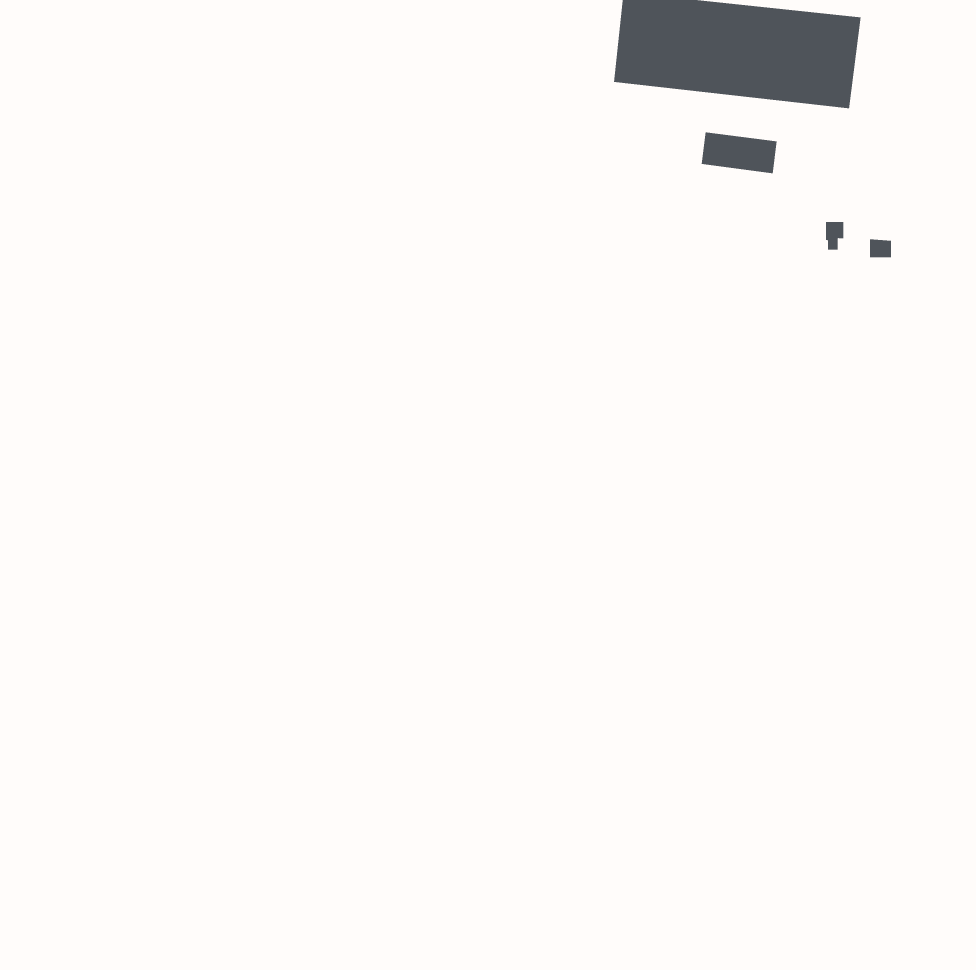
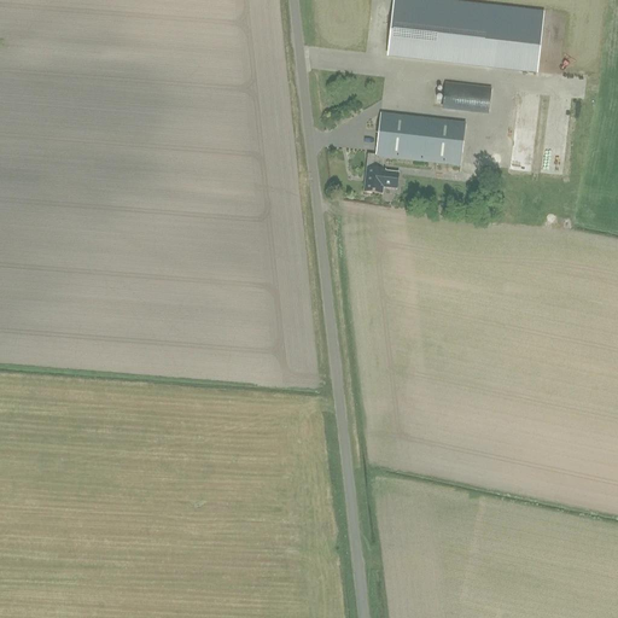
building: none -> [363,110,466,192]

